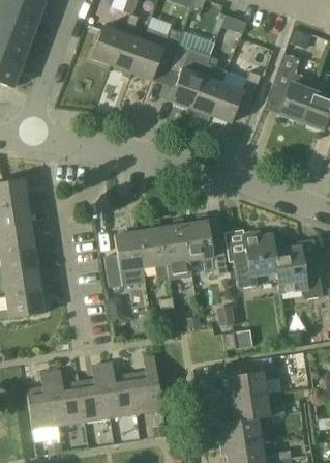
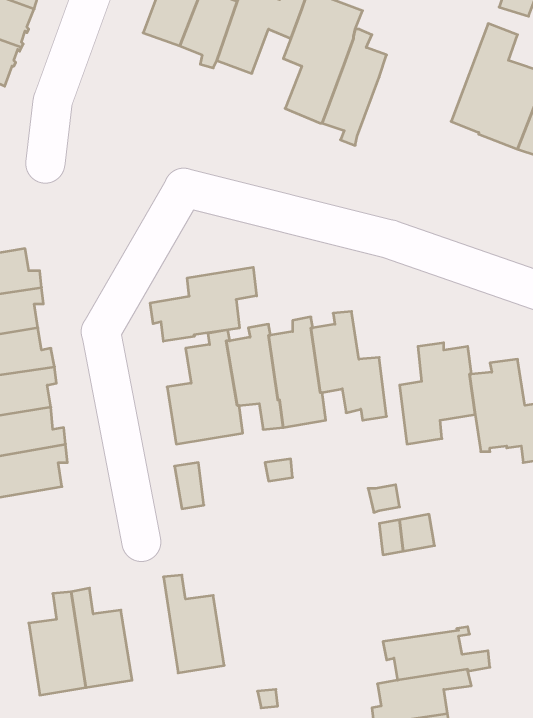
building: [210,70,262,123] -> none
building: none -> [150,267,257,341]
building: [129,355,162,413] -> none
building: [78,364,110,422] -> none
building: [223,369,279,400] -> none

